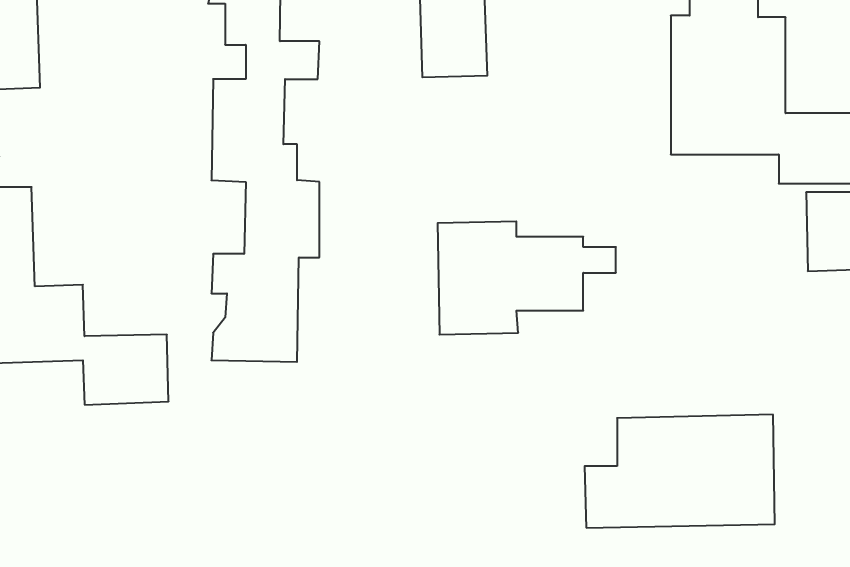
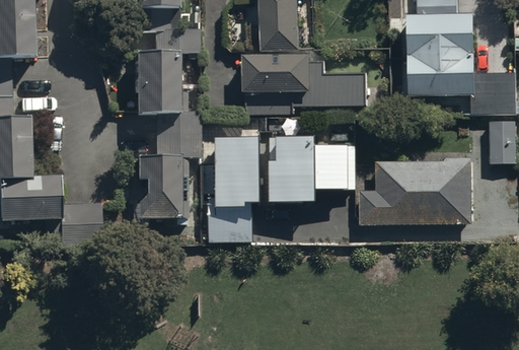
building: none -> [242,52,362,115]
building: none -> [209,137,258,240]
building: [585,415,775,528] -> [358,159,470,226]

